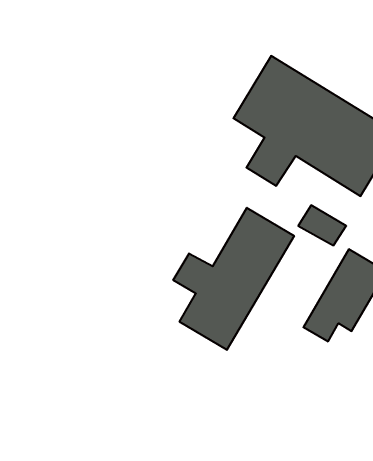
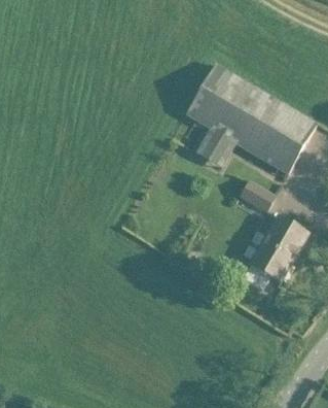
building: [173,208,294,350] -> none

